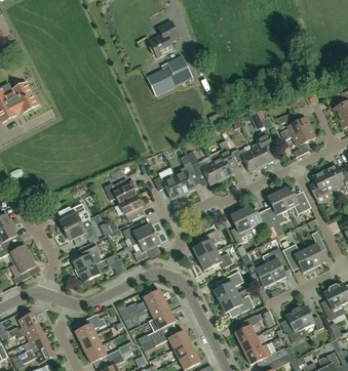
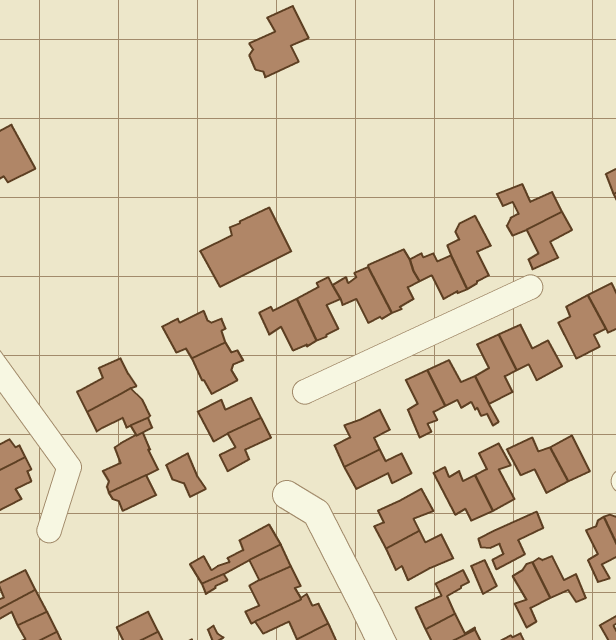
building: [146,54,193,95] -> [200,208,291,287]
building: none -> [479,512,543,569]
building: [75,314,106,342] -> none

